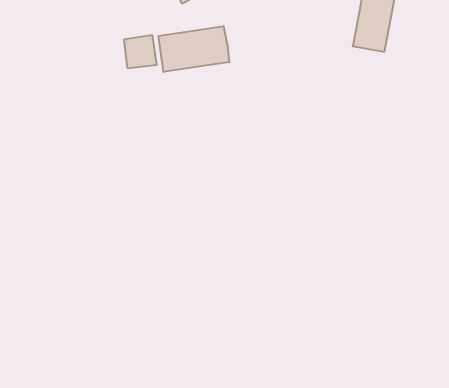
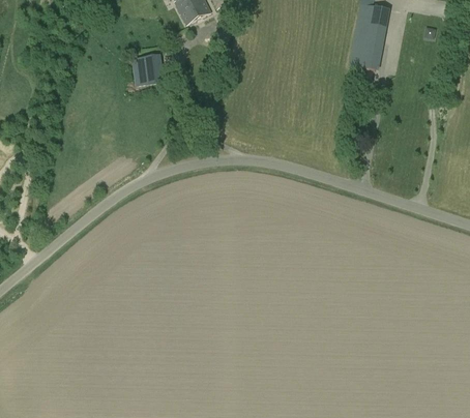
building: [159,26,229,72] -> none

